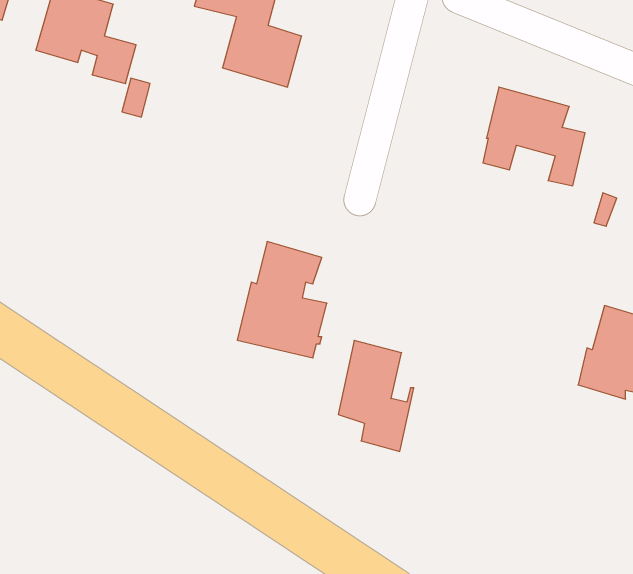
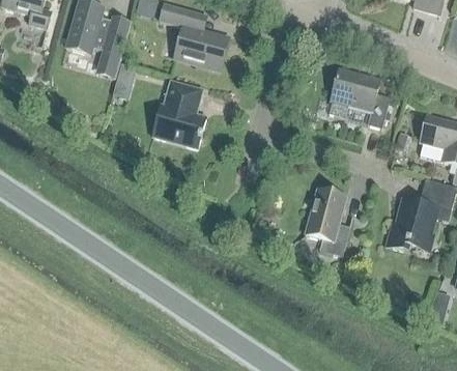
building: [237,242,327,358] -> [153,79,206,147]
building: [338,340,414,451] -> [308,188,352,253]

